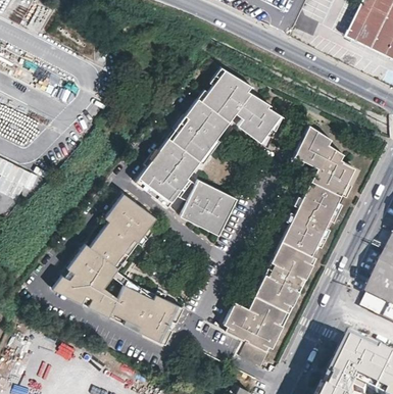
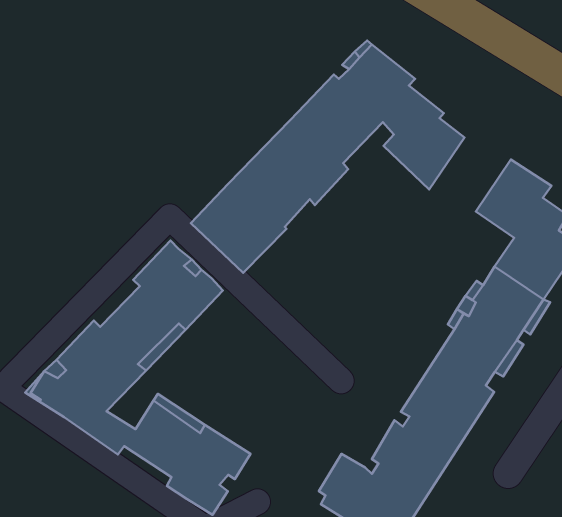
building: [180,180,237,235] -> none

